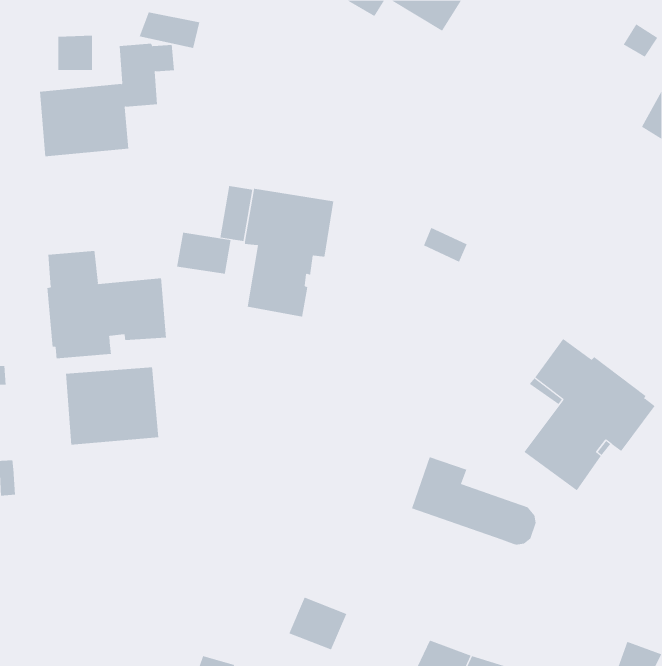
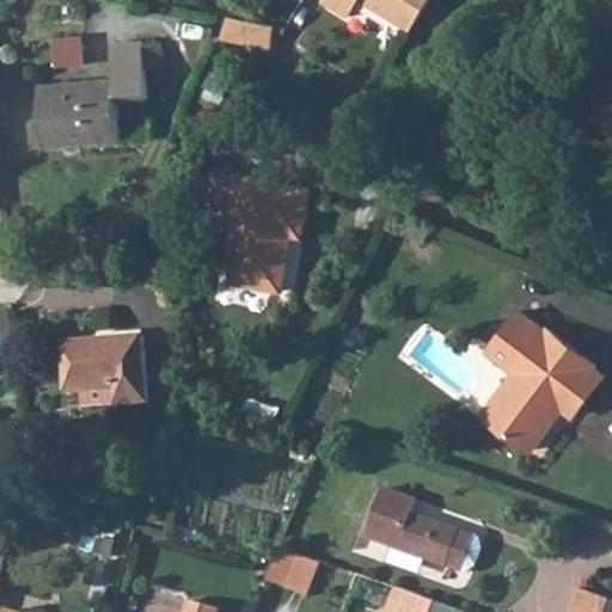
building: [139,12,200,48] -> [216,16,273,49]
building: [177,232,231,275] -> none
building: [47,250,167,359] -> none
building: [411,456,536,545] -> [362,488,477,569]

